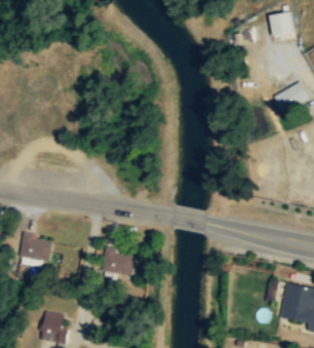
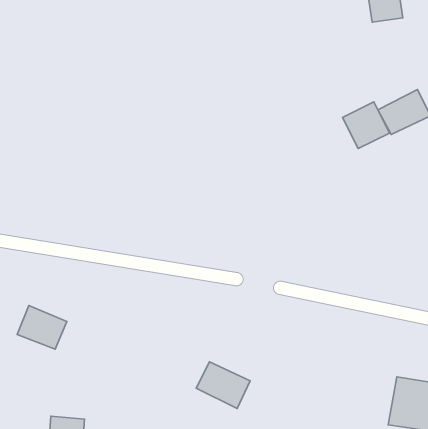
building: none -> [343,102,389,148]
building: [101,246,139,279] -> [196,362,250,409]

